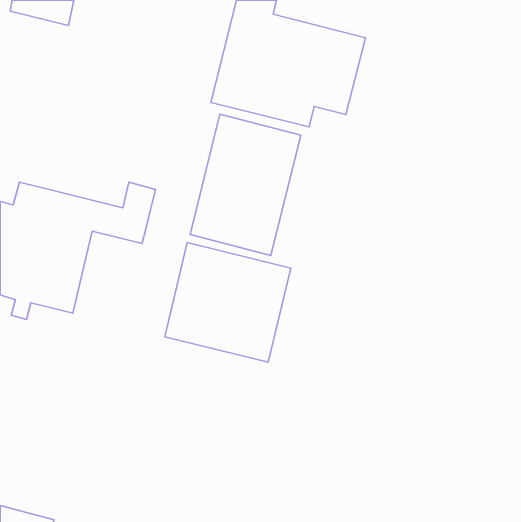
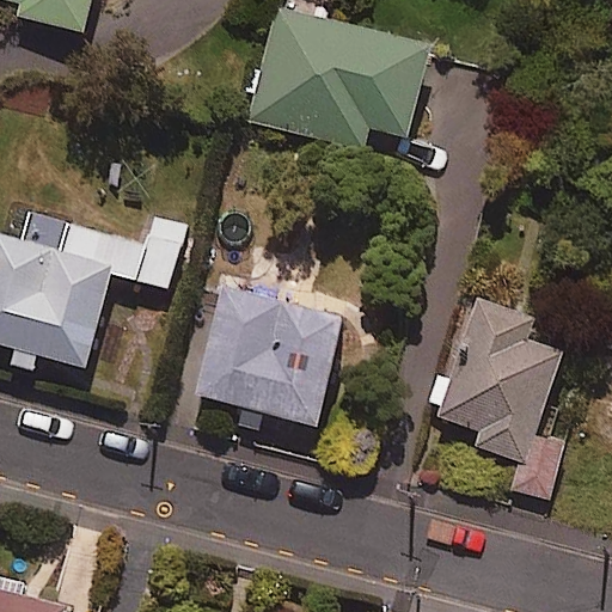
building: [190,114,301,255] -> none
building: none -> [433,300,567,500]

